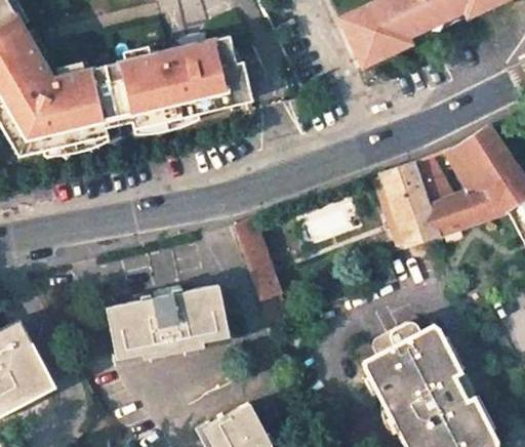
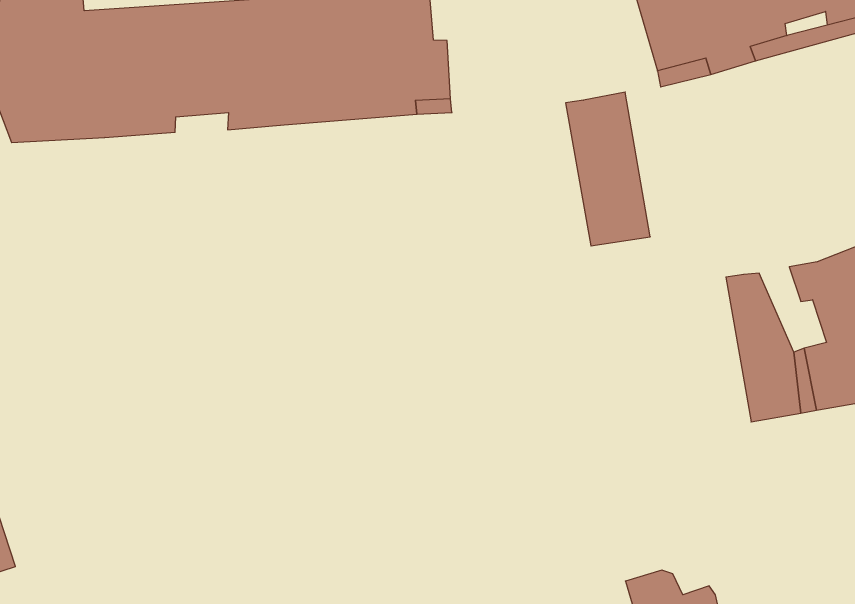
building: [381,162,439,247] -> [566,92,650,246]
building: [238,216,281,298] -> none
building: [107,285,229,357] -> none

